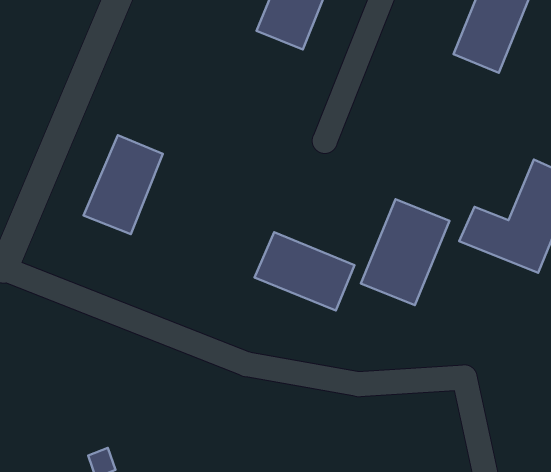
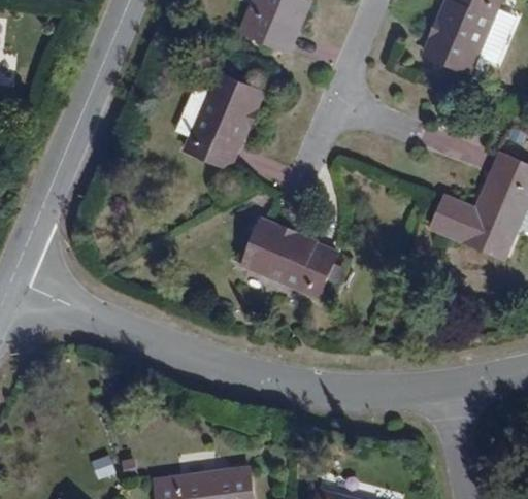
building: [84,135,163,234] -> [184,86,258,178]
building: [361,199,449,305] -> none

